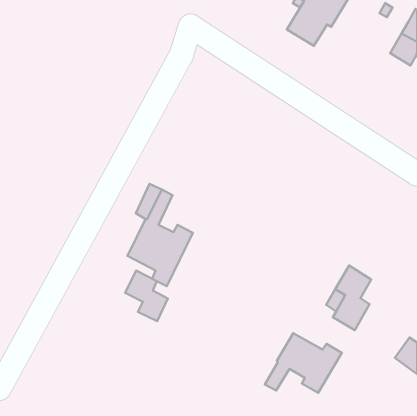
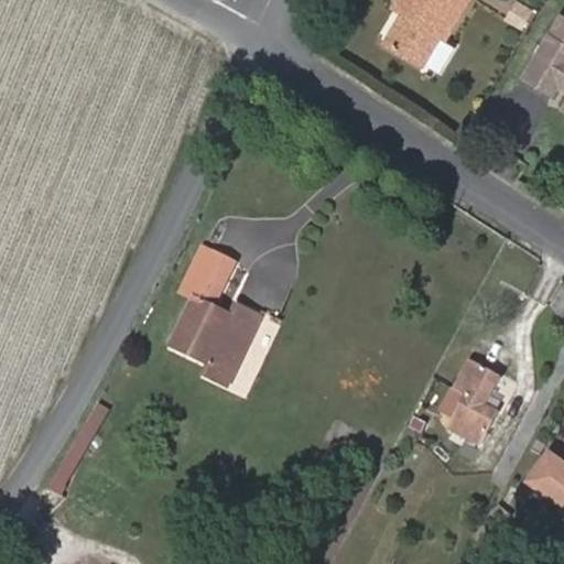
building: [125,270,168,321] -> none
building: [265,333,342,393] -> none

